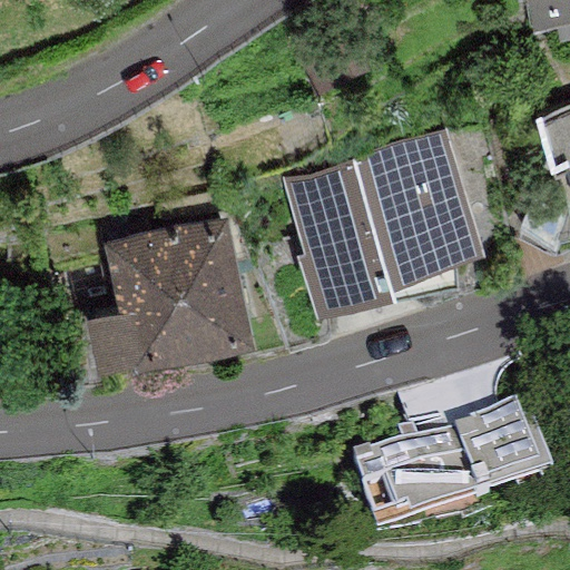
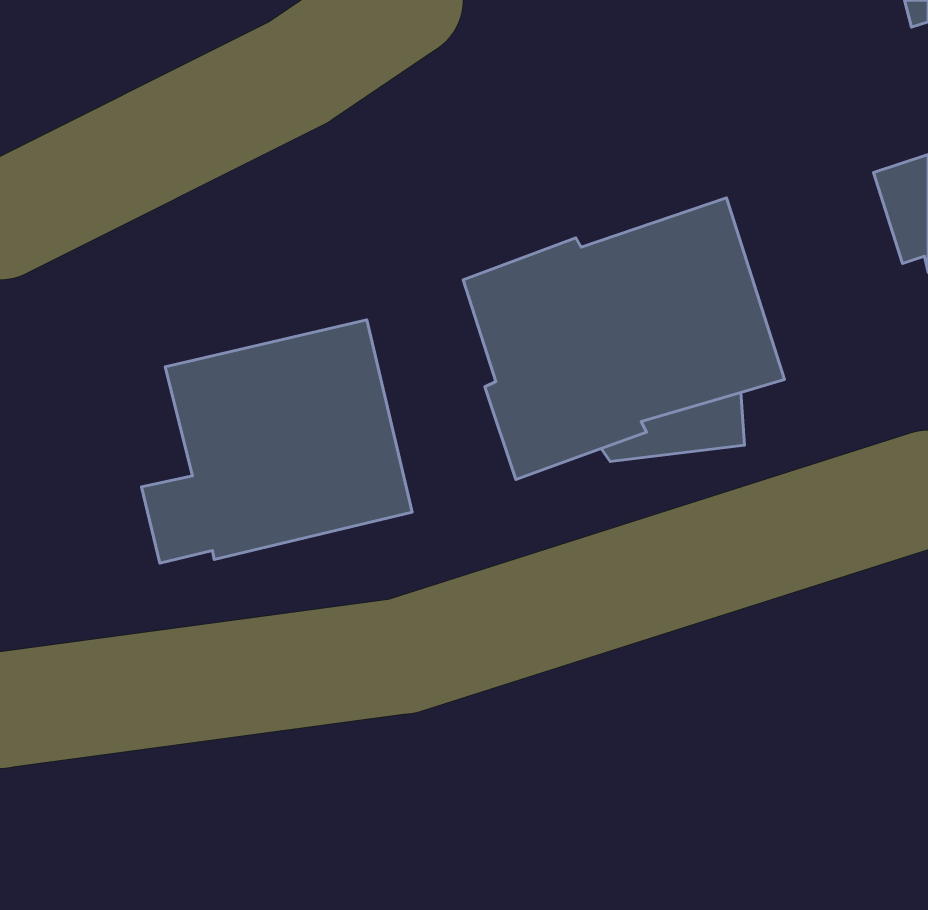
building: [351,409,551,544] -> none

